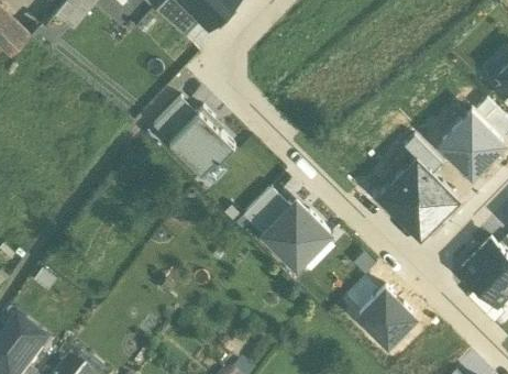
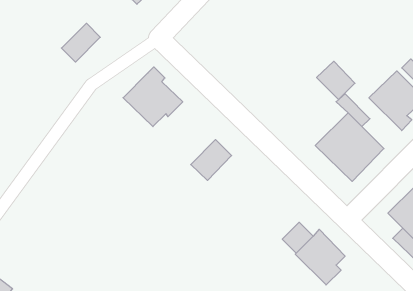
building: [152,94,195,136] -> [61,23,100,62]
building: none -> [317,61,355,100]
building: [261,194,329,262] -> none

